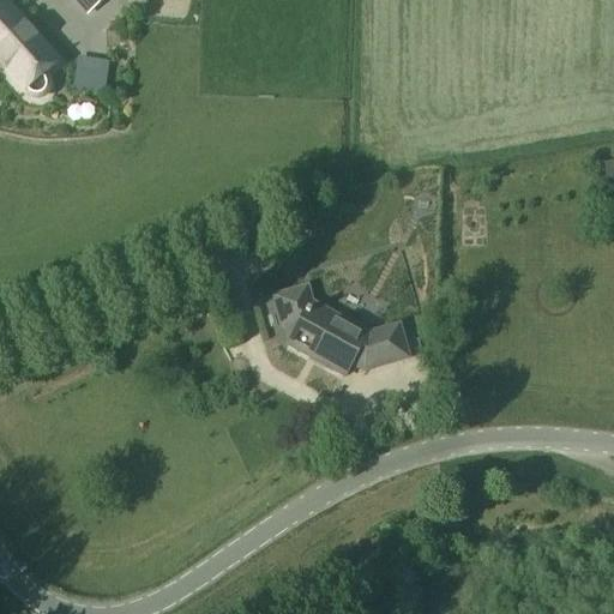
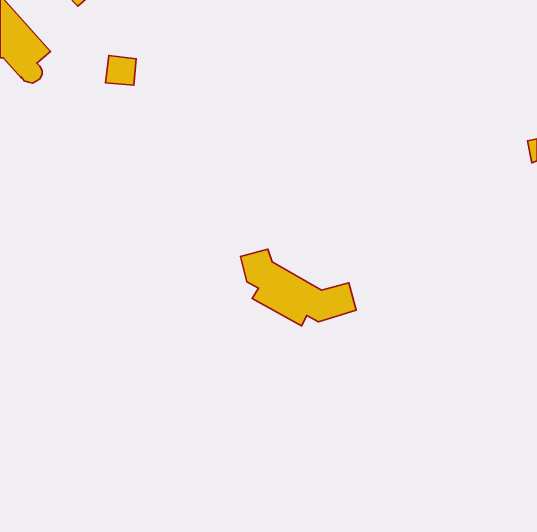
building: [78,53,113,86] -> [106,56,136,85]

